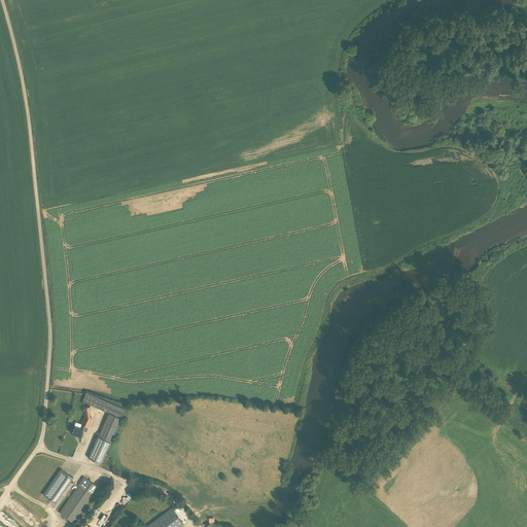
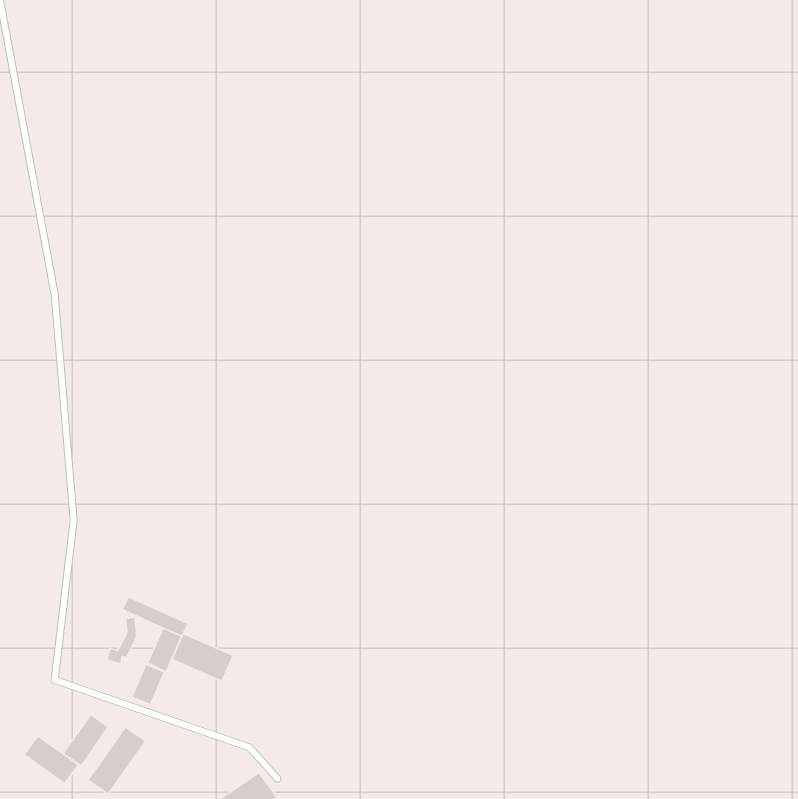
building: none -> [172,634,233,681]
building: none -> [24,736,78,784]

